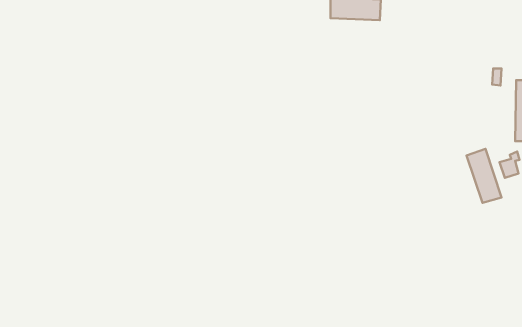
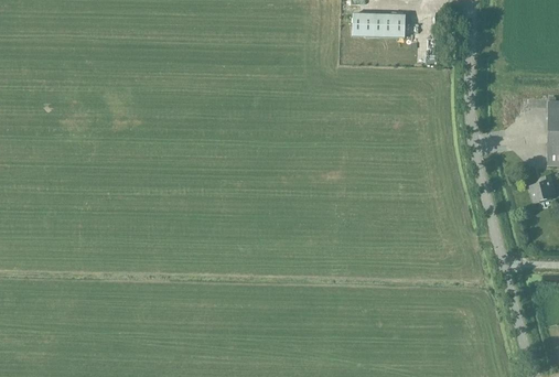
building: [467,149,502,203] -> none

